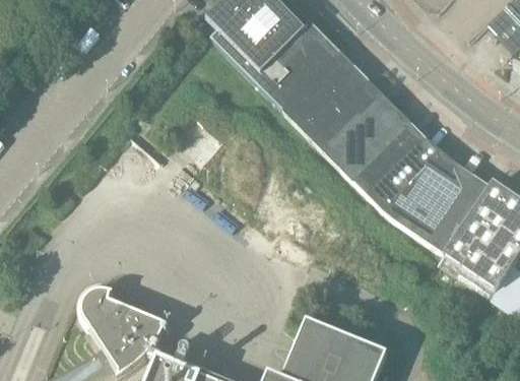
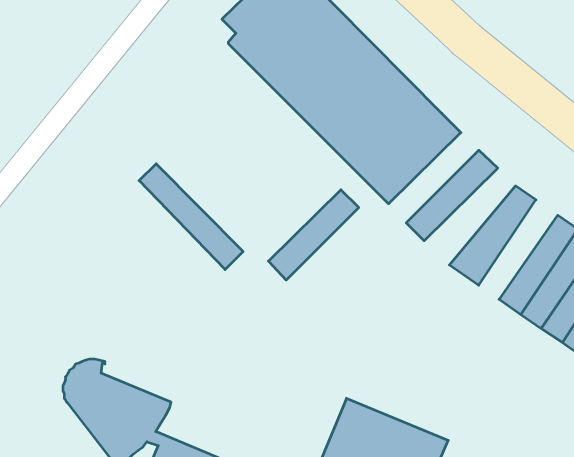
building: [337,107,409,179] -> [268,190,359,280]
building: none -> [139,164,243,270]
building: [366,135,439,212] -> none
building: [409,161,472,240] -> none

